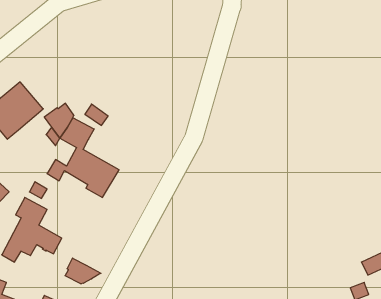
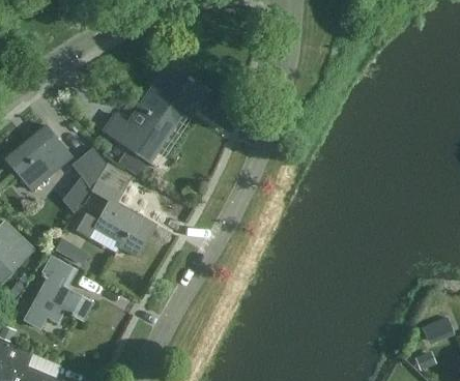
building: none -> [106,67,208,160]
building: [65,258,101,284] -> none

